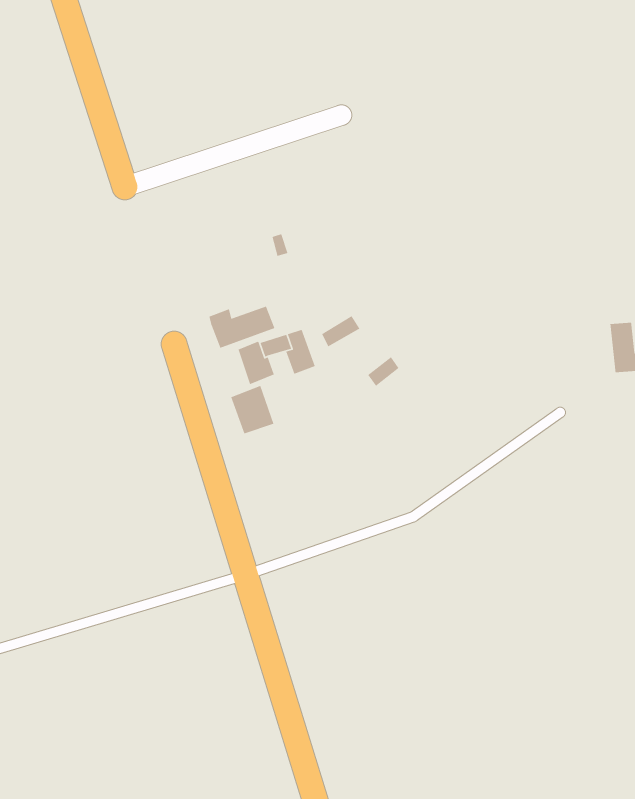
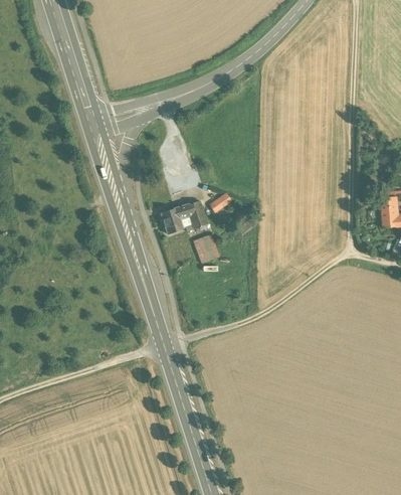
building: [208,305,276,349] -> none
building: [230,385,275,434] -> [193,234,219,264]

